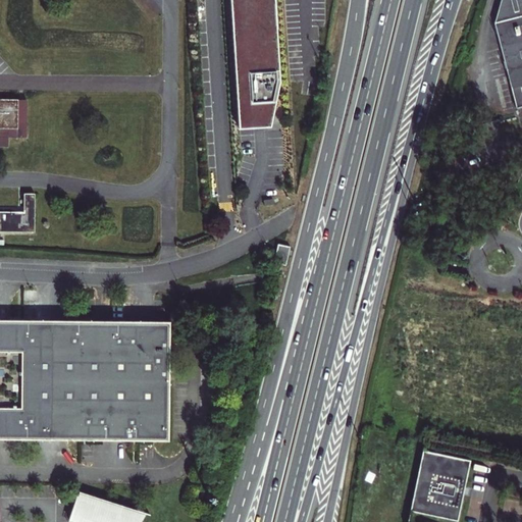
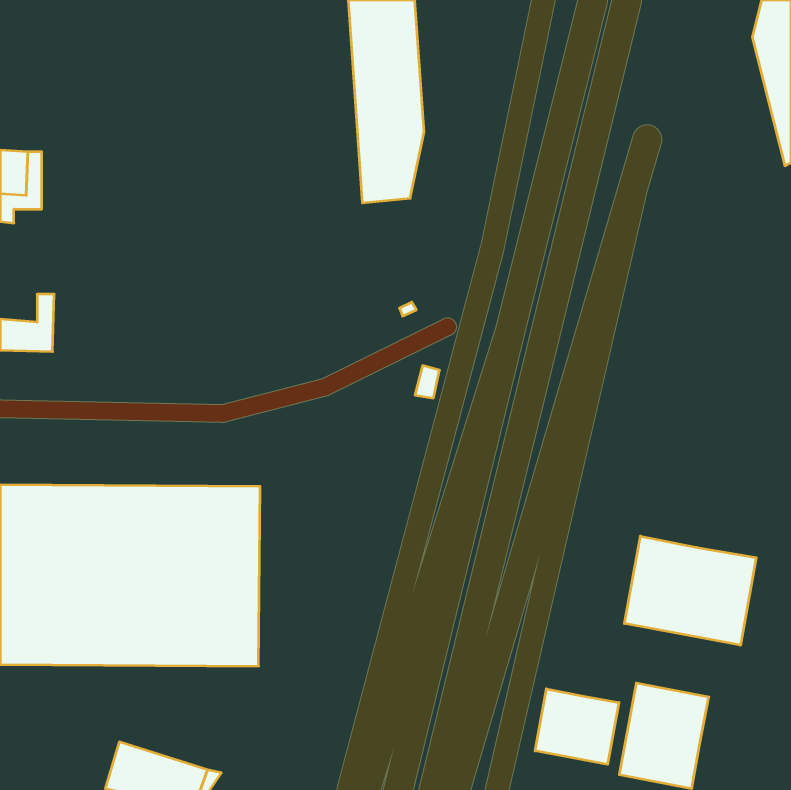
building: none -> [624,536,756,645]
building: none -> [535,689,619,764]

